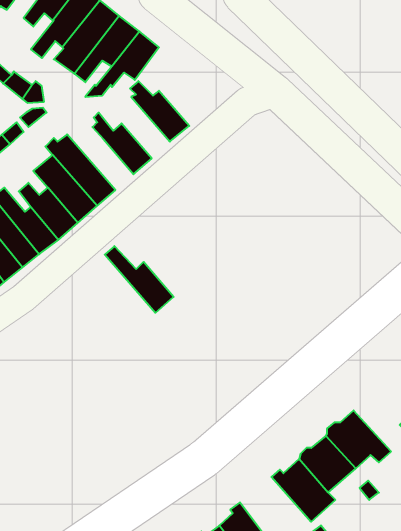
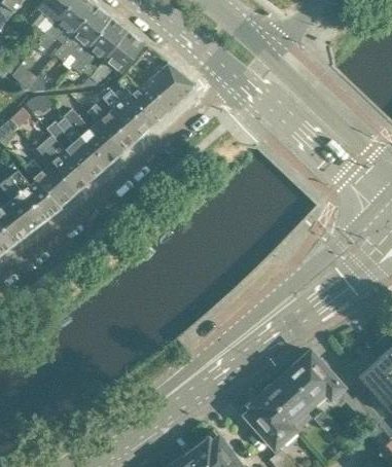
building: none -> [145,65,194,112]
building: none -> [101,80,154,140]
building: [105,246,174,313] -> [65,110,123,167]

